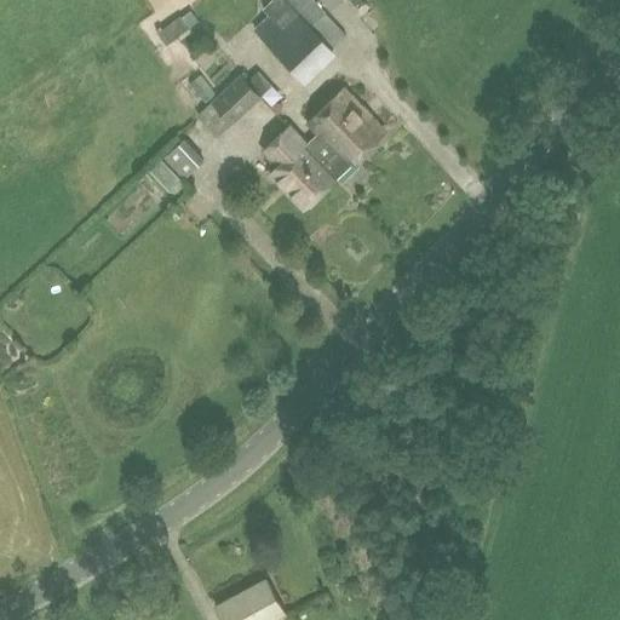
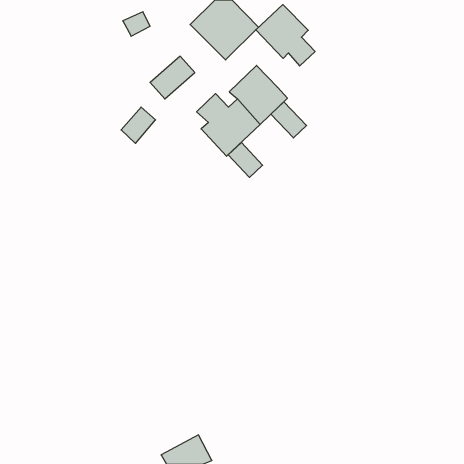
building: none -> [256,5,315,66]
building: none -> [271,102,307,138]
building: none -> [228,142,263,177]

